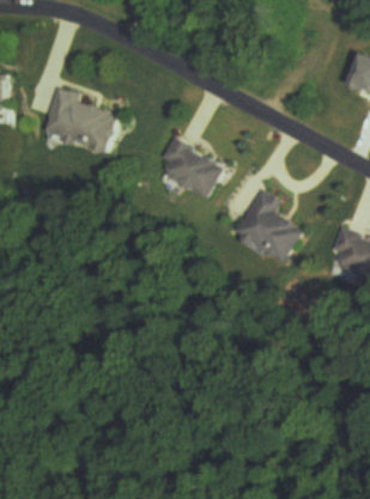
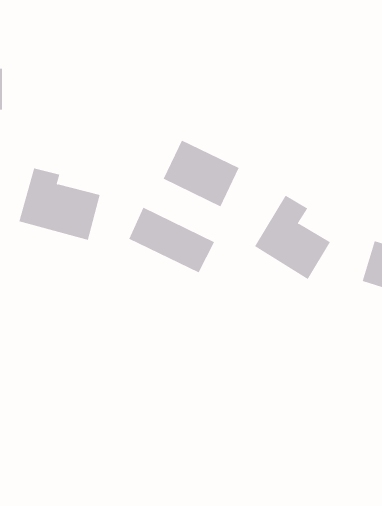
building: [44,87,117,152] -> [19,168,101,240]
building: none -> [129,207,215,273]

